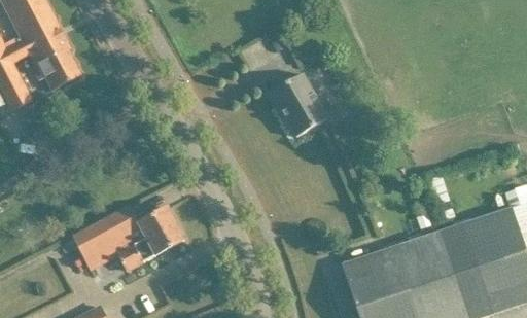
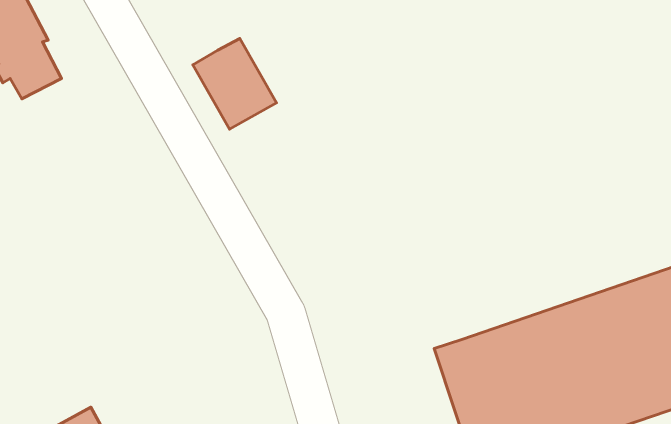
building: [271,72,329,136] -> [193,38,277,129]
building: [73,207,184,270] -> none

